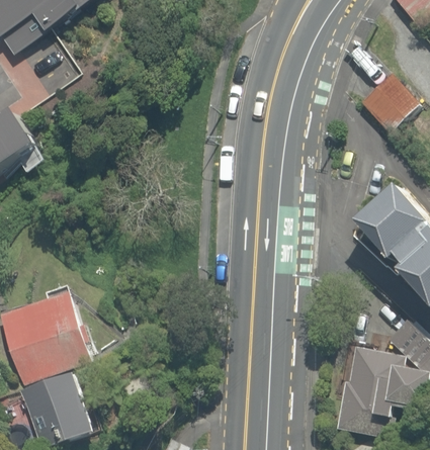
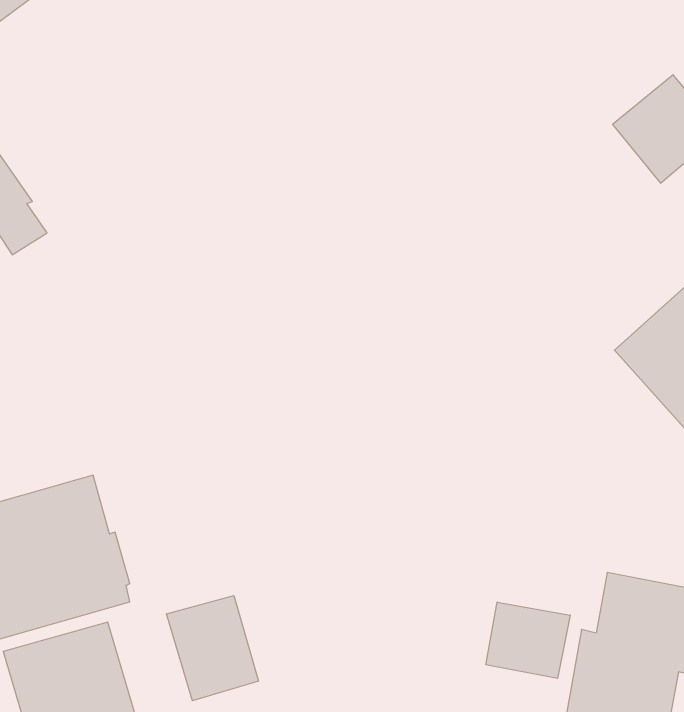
building: none -> [166,596,258,701]
building: none -> [486,602,570,678]

